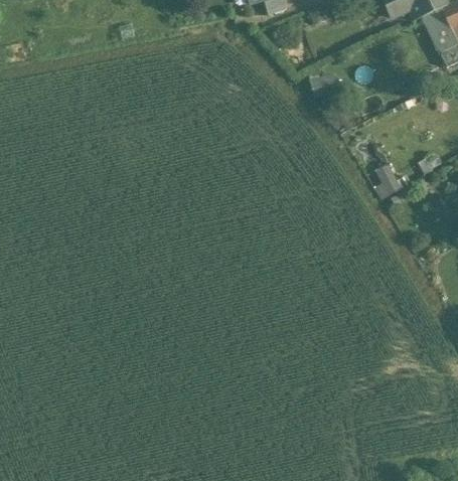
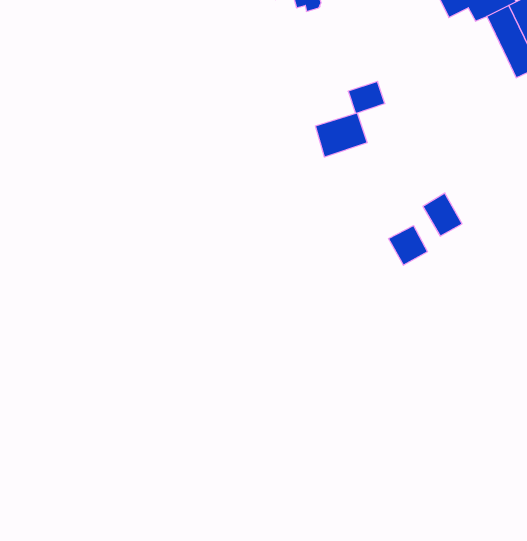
building: none -> [315,113,367,157]
building: none -> [389,226,427,265]

